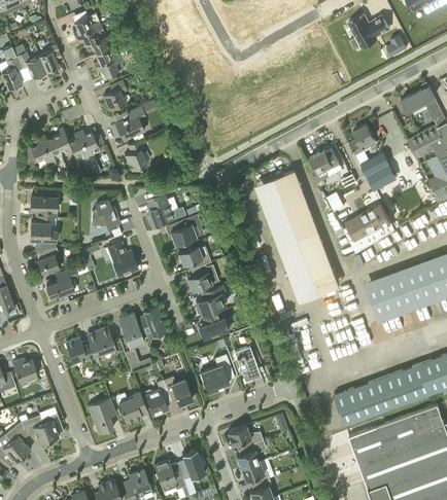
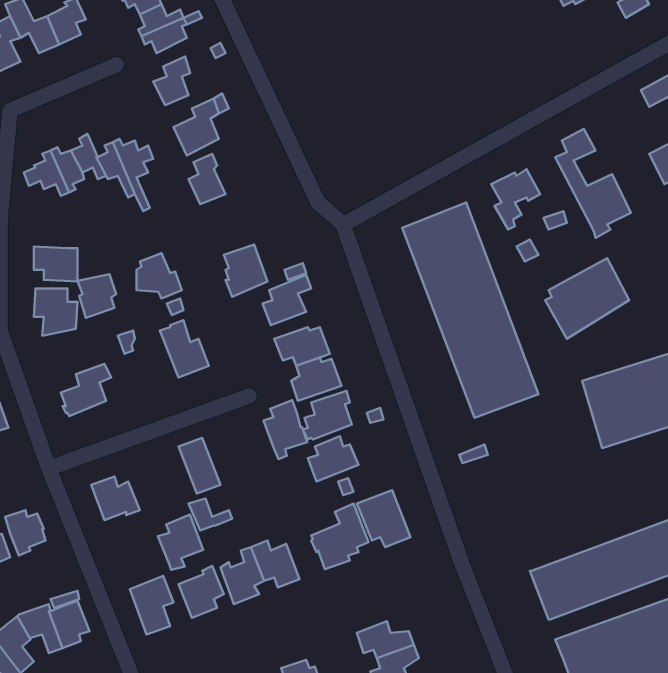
building: [36,247,60,274] -> [78,274,116,318]
building: [139,306,166,342] -> [263,400,307,459]
building: [88,327,115,361] -> [158,514,203,570]

